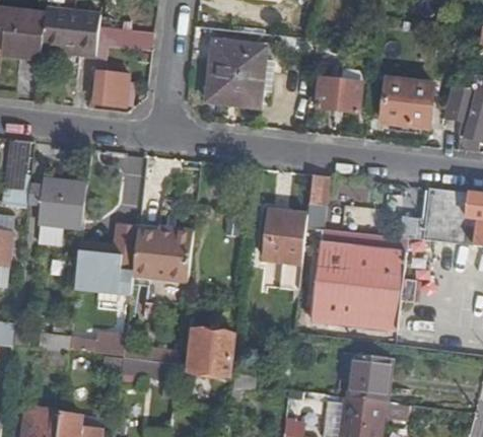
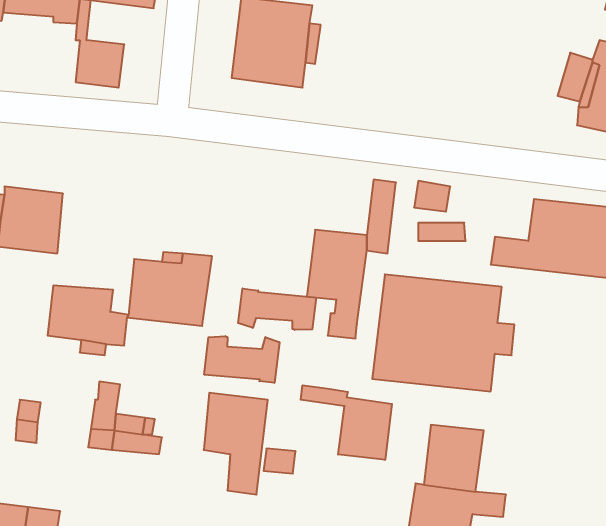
building: [316,76,360,114] -> none
building: [381,79,433,128] -> none
building: none -> [238,288,316,330]
building: none -> [204,336,279,383]
building: none -> [301,385,392,460]

